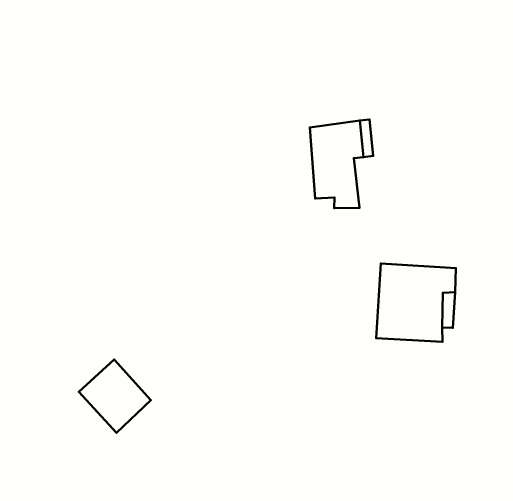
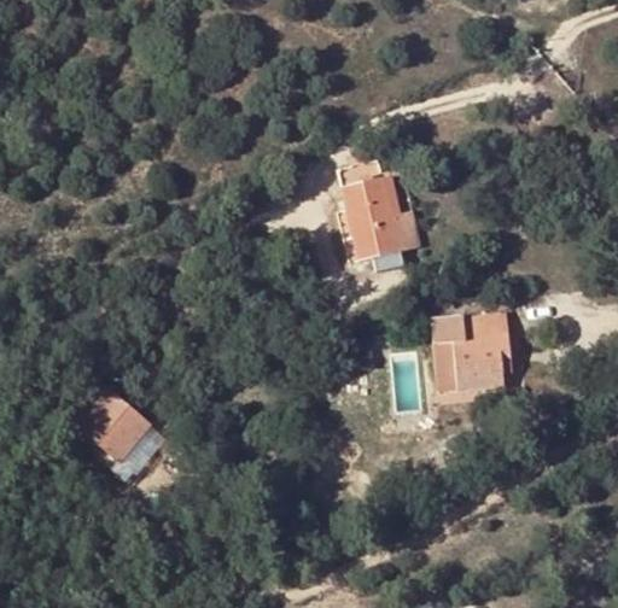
building: [79,359,151,433] -> [77,390,151,463]

